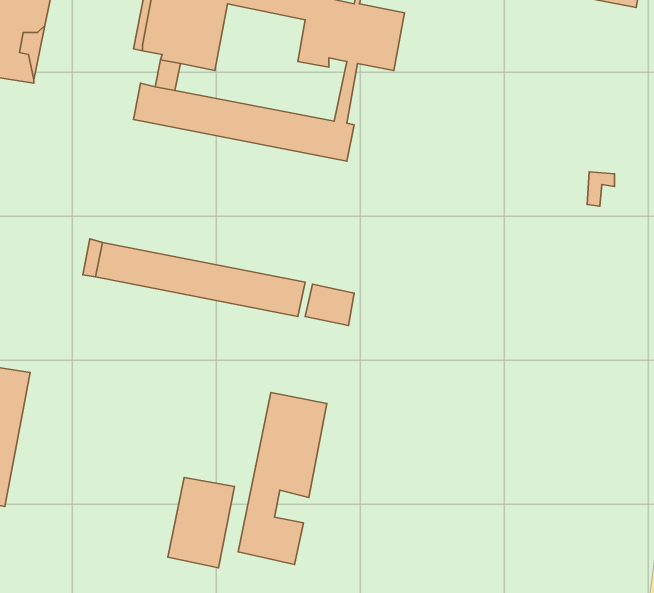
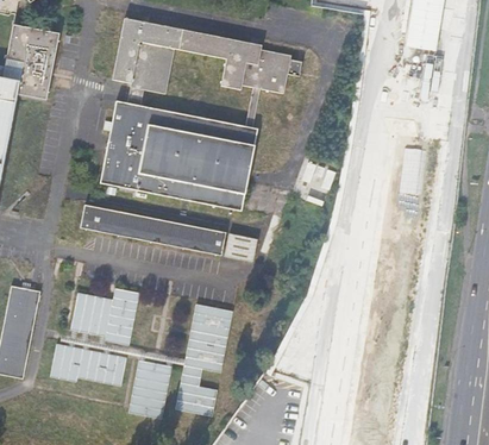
building: none -> [96,124,249,209]
building: none -> [74,288,142,345]
building: none -> [55,344,128,386]

